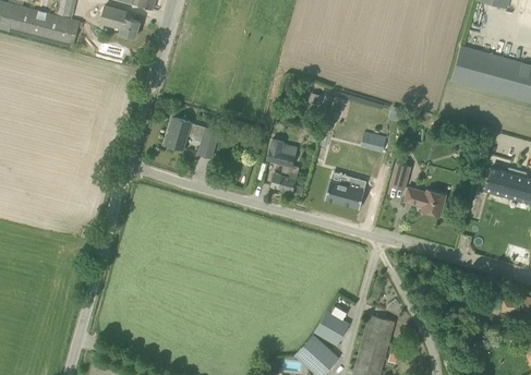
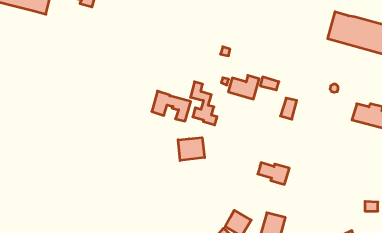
building: [166,117,218,157] -> [152,91,191,121]
building: [326,176,367,207] -> [228,75,259,99]
building: [403,186,446,216] -> [258,163,289,184]
building: none -> [178,138,205,161]

